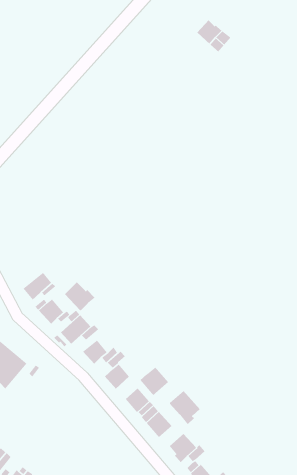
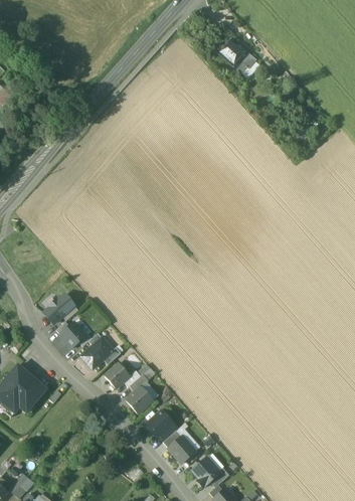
building: [64,281,95,311] -> none
building: [140,366,169,396] -> none
building: [169,390,201,425] -> none

